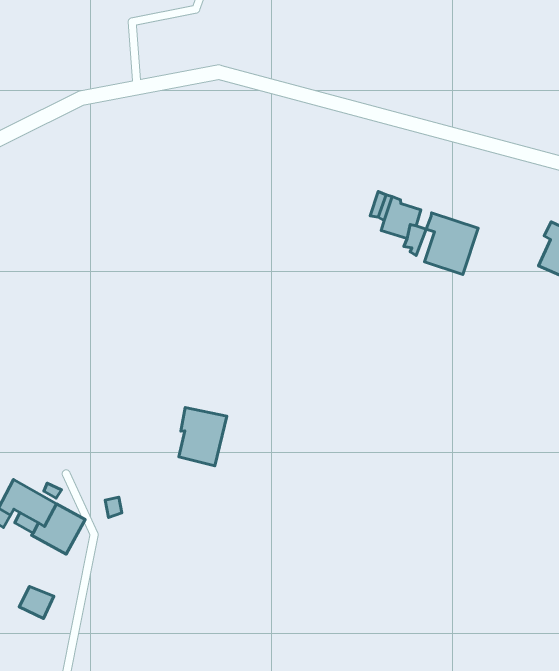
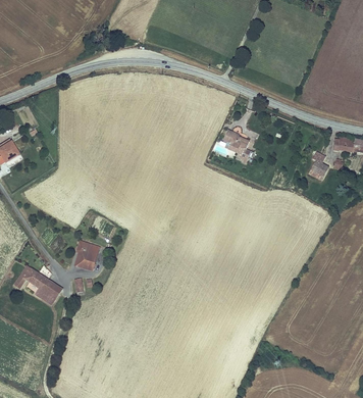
building: [424,213,478,275] -> none
building: [179,407,227,466] -> [73,240,100,271]

